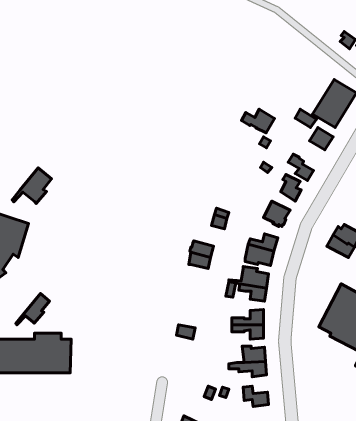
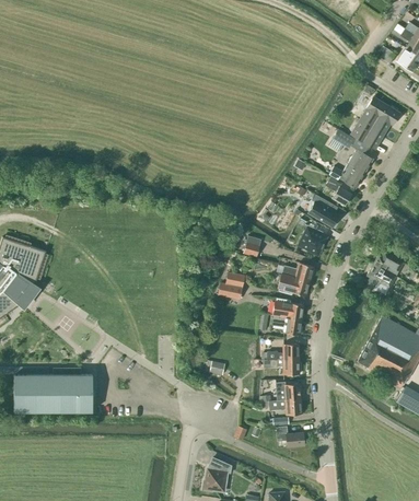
building: [242,109,274,133] -> [328,163,363,188]
building: [12,168,52,203] -> none
building: [16,293,49,325] -> none

